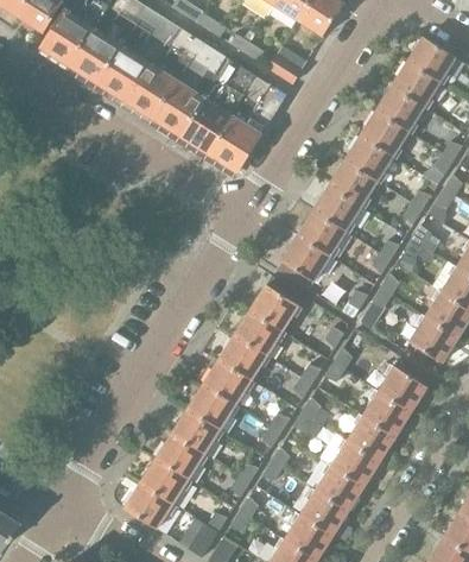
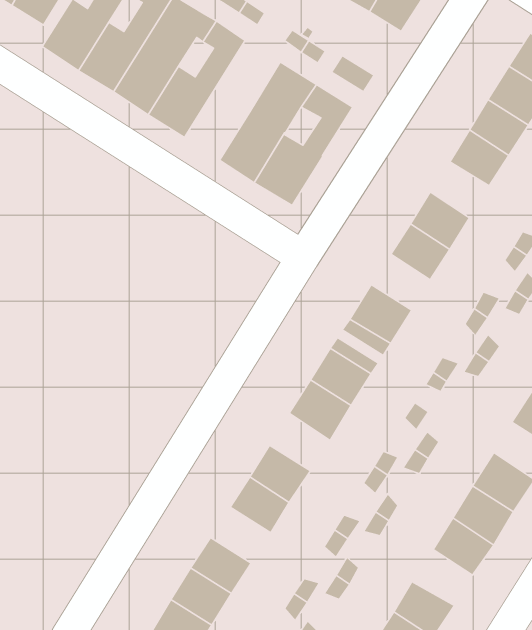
building: [152,43,224,137] -> none
building: [344,138,391,182] -> none
building: [298,210,344,254] -> none
building: [218,335,266,380] -> none
building: [172,409,220,453] -> none
building: [330,442,378,486] -> none

